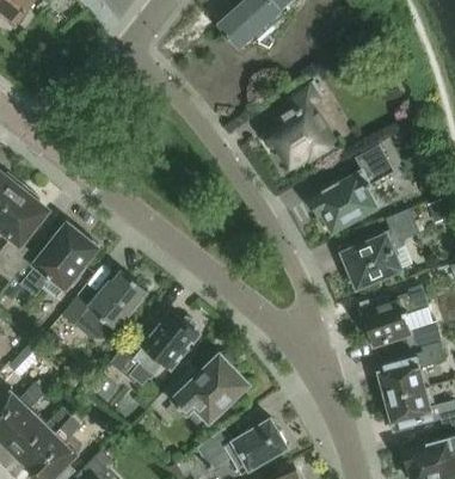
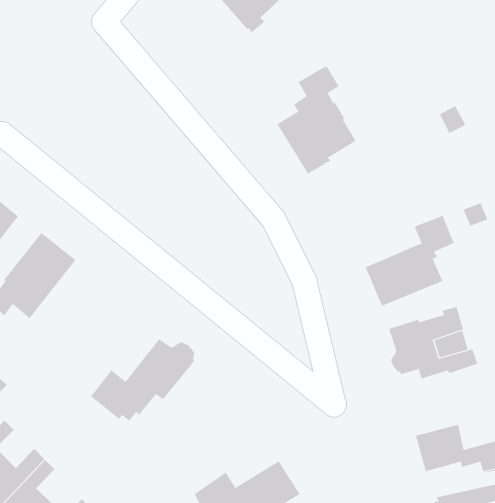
building: [309,145,394,231] -> none
building: [63,270,147,339] -> none
building: [377,343,443,397] -> none
building: [150,356,246,425] -> none

